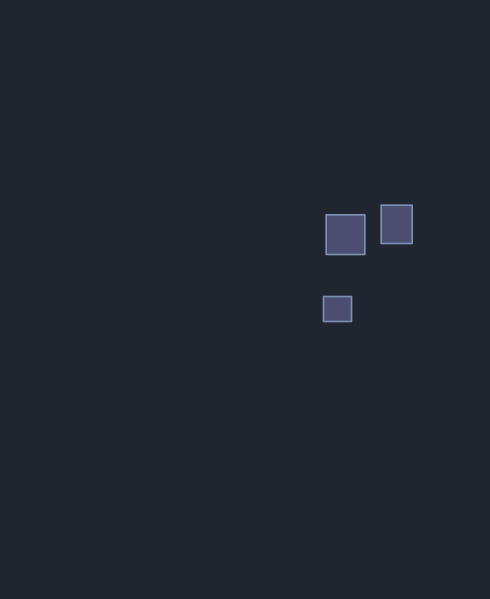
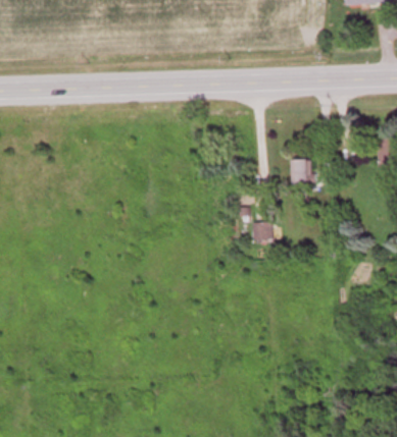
building: [326,215,365,255] -> none

